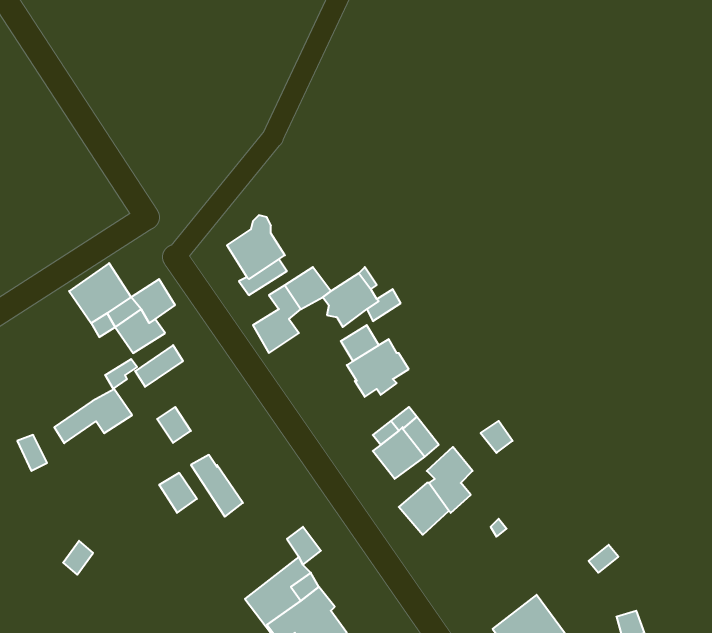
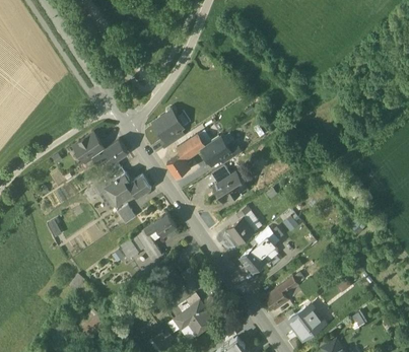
building: [54,389,132,443] -> [112,178,151,205]
building: none -> [144,214,177,237]
building: none -> [265,276,298,308]

